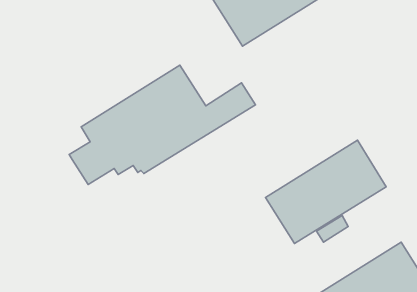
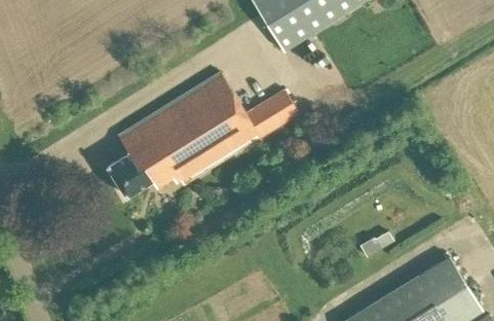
building: [266,140,386,243] -> none

